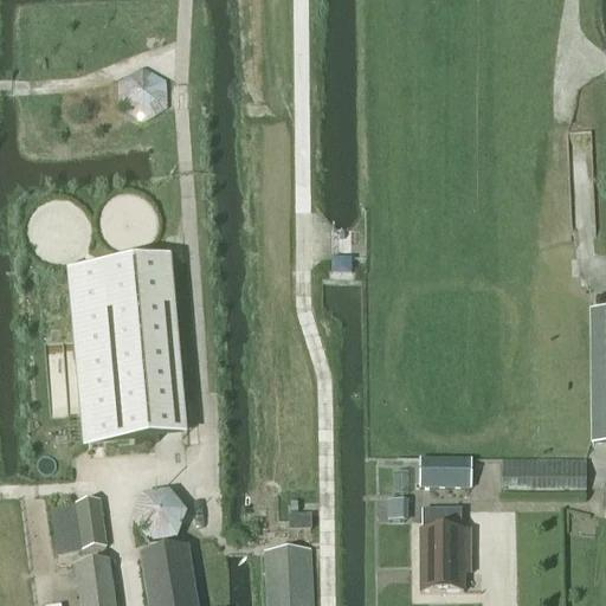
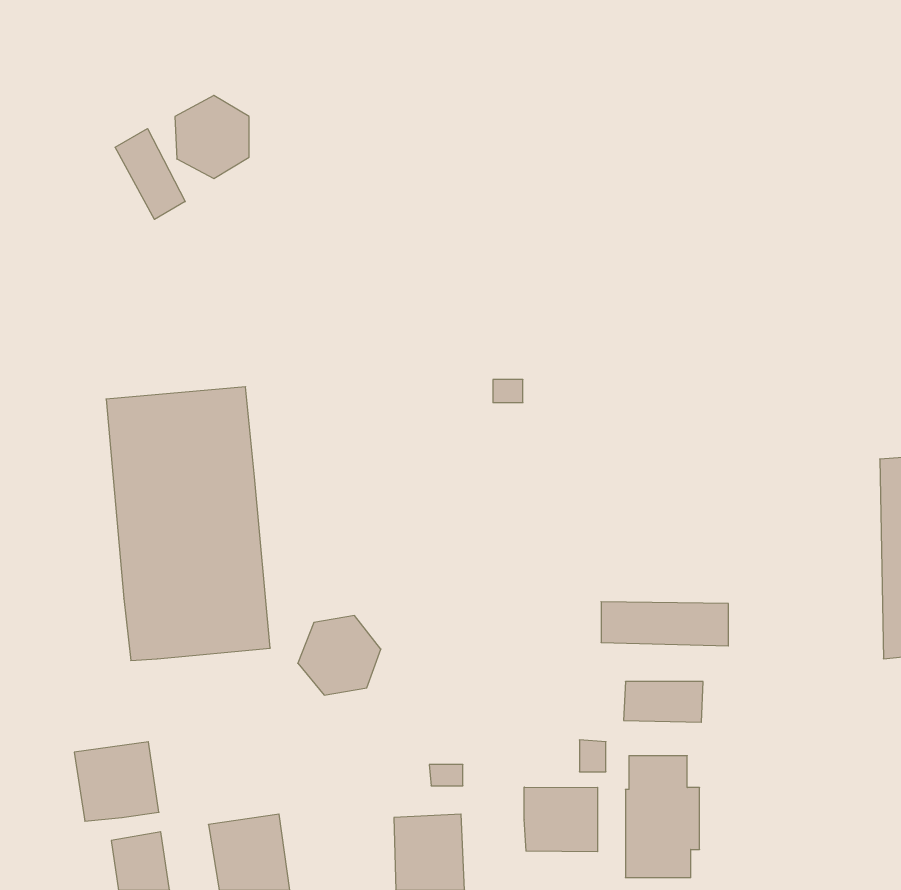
building: none -> [115,129,185,219]
building: [502,457,587,486] -> [601,602,728,646]
building: [131,488,187,541] -> [298,616,381,695]
building: none -> [524,787,598,852]

